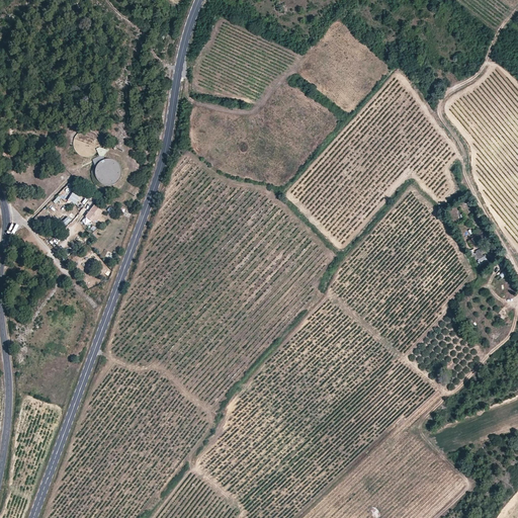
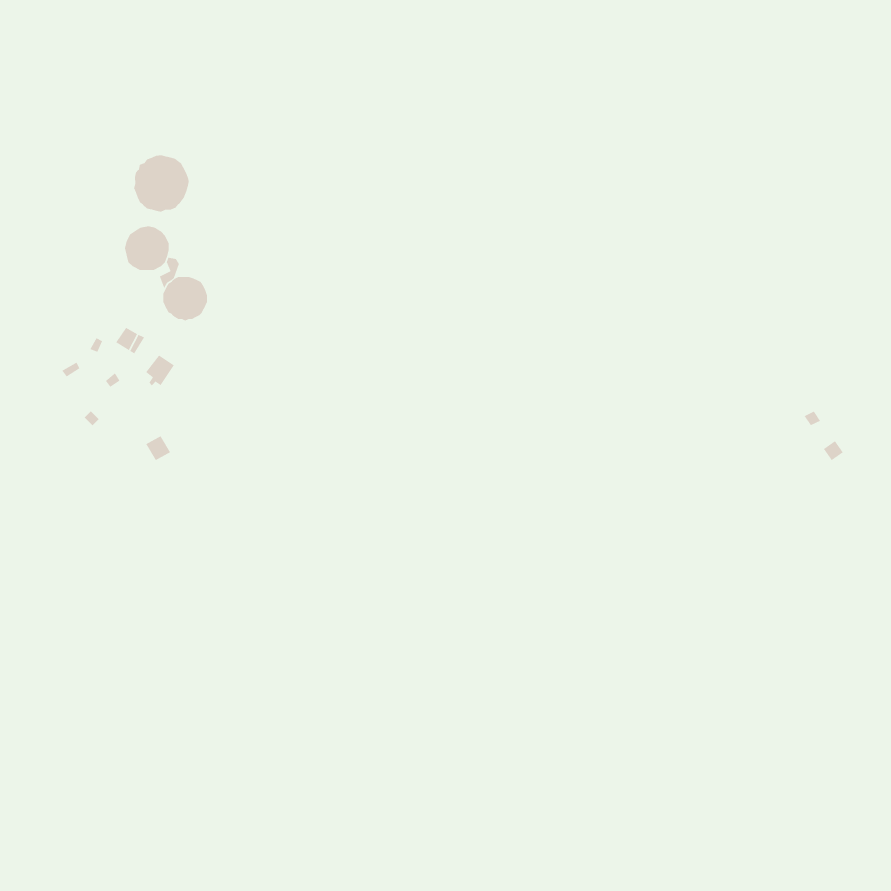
building: none -> [133,155,190,213]

